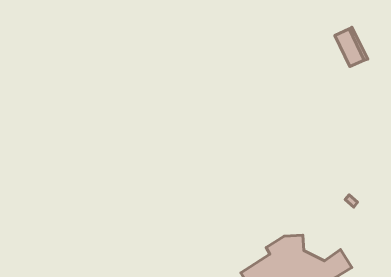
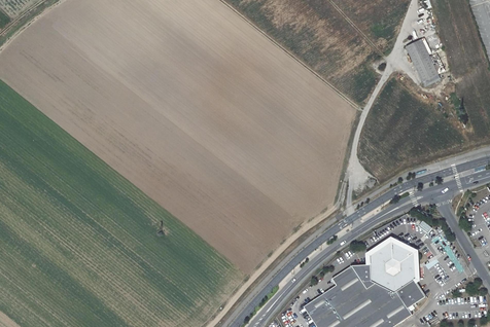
building: none -> [373,242,417,291]

